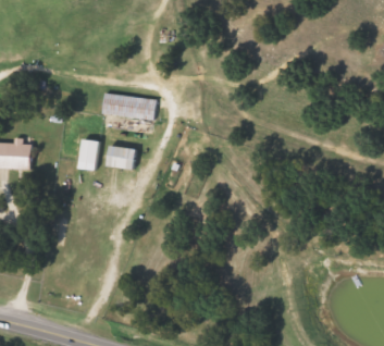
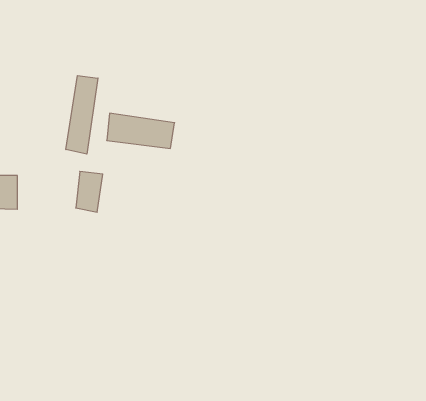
building: none -> [66,76,98,154]
building: [106,146,135,170] -> none

